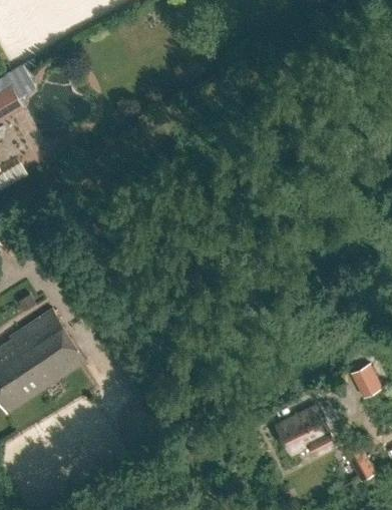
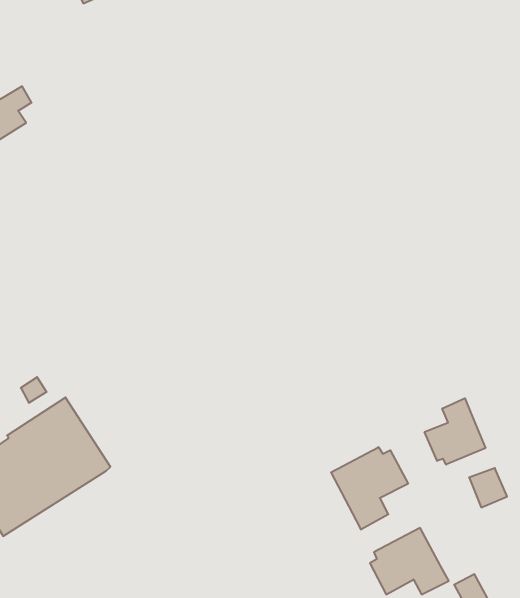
building: none -> [425,398,485,465]
building: none -> [331,447,408,530]

